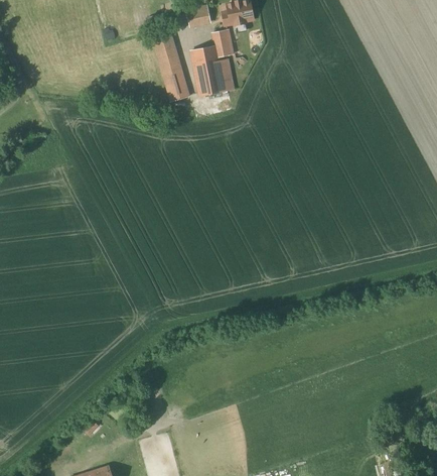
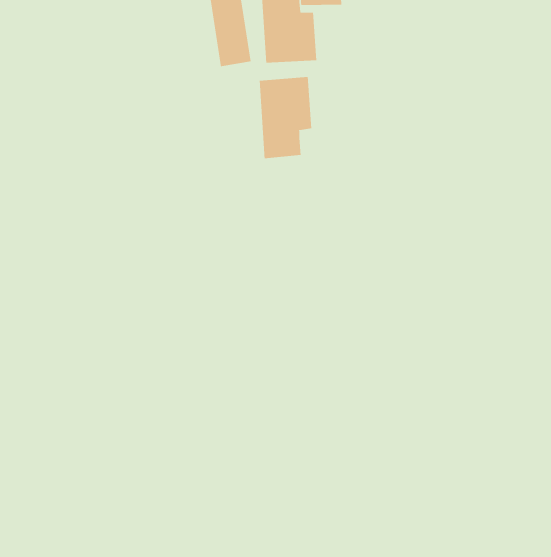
building: none -> [259,76,312,159]

